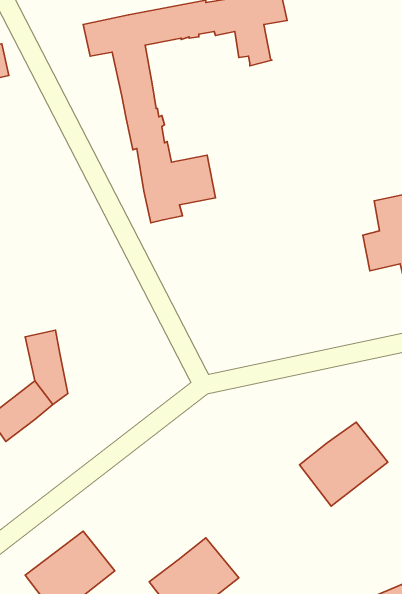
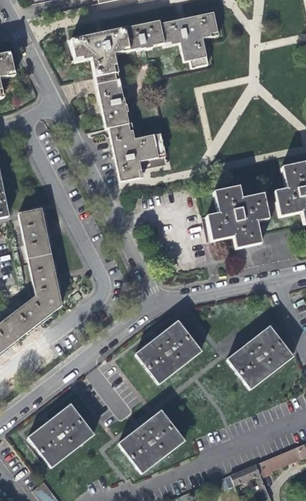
building: none -> [206,185,269,247]
building: none -> [19,209,51,264]
building: none -> [135,320,201,383]

